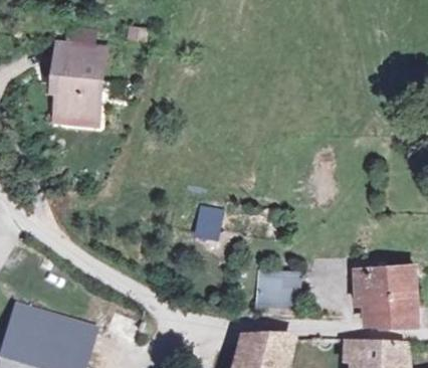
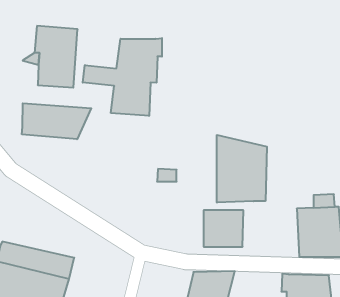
building: none -> [83,38,162,116]
building: none -> [22,103,91,139]
building: none -> [217,135,267,203]

